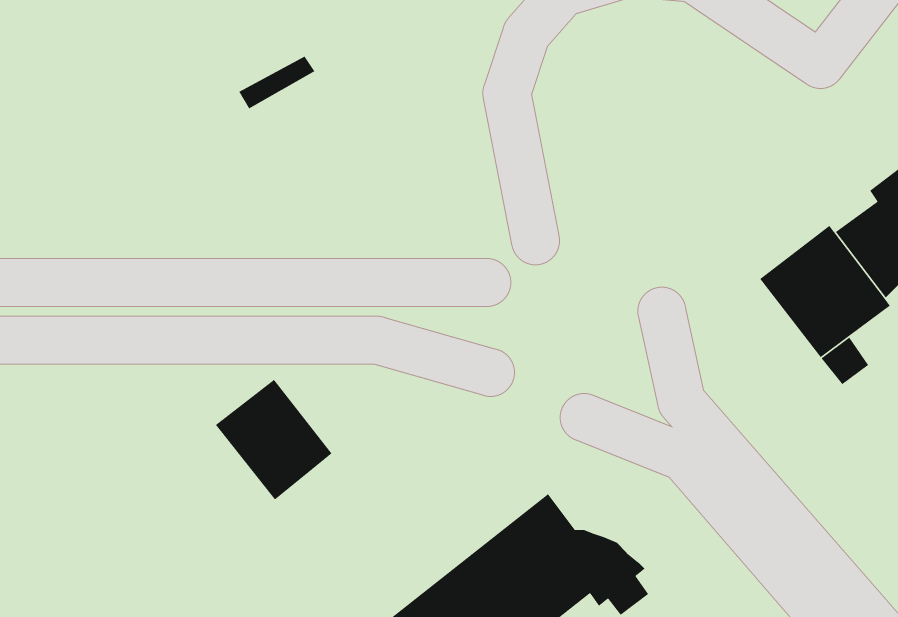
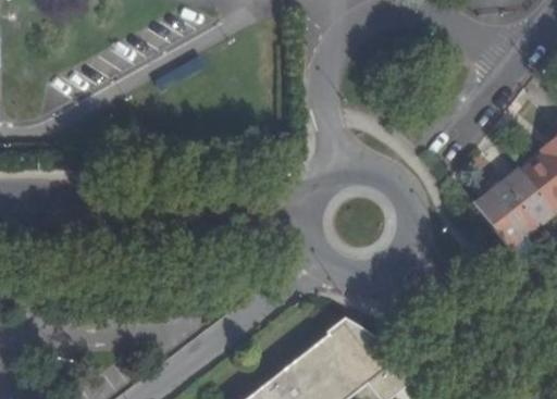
building: [215,379,333,500] -> none

